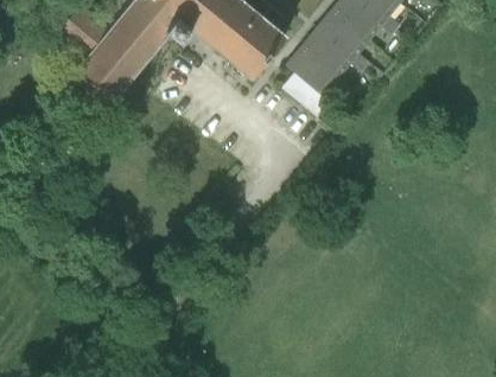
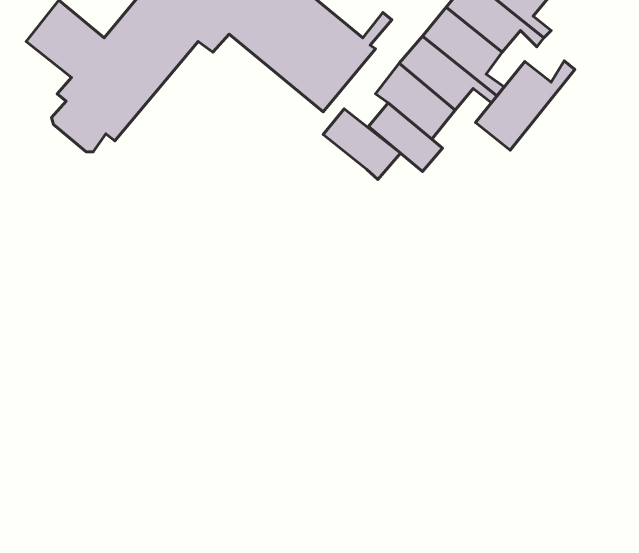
building: none -> [476,61,575,150]
building: none -> [323,109,400,179]

